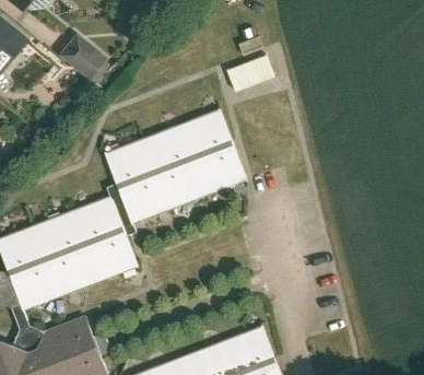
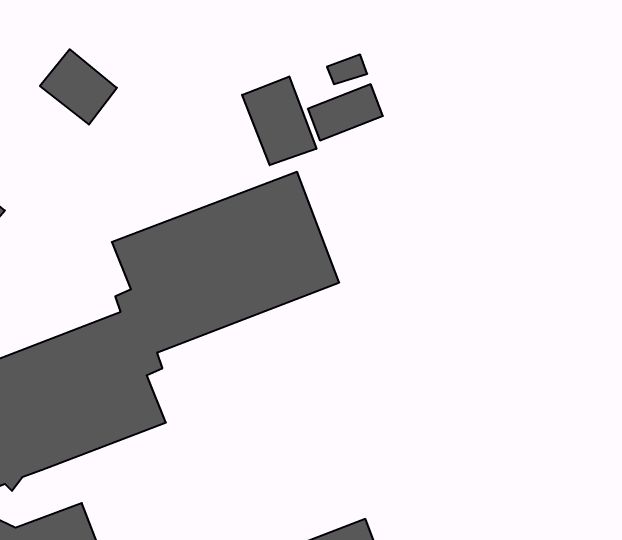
building: none -> [242,76,316,165]

